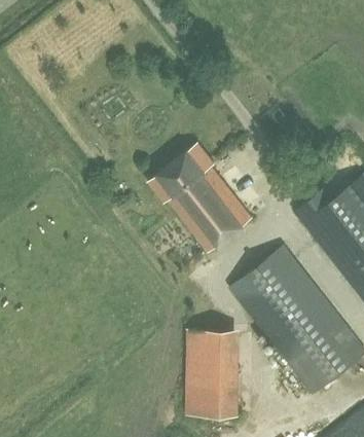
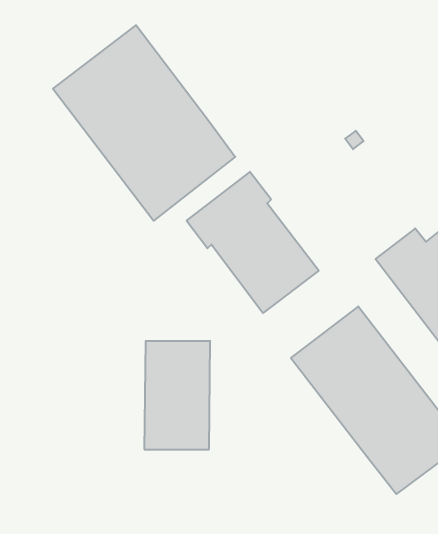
building: none -> [53,25,235,221]
building: [188,330,240,414] -> [144,341,210,449]

